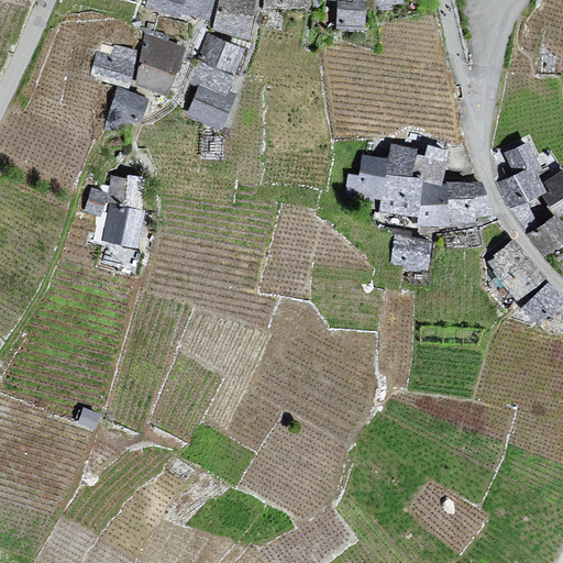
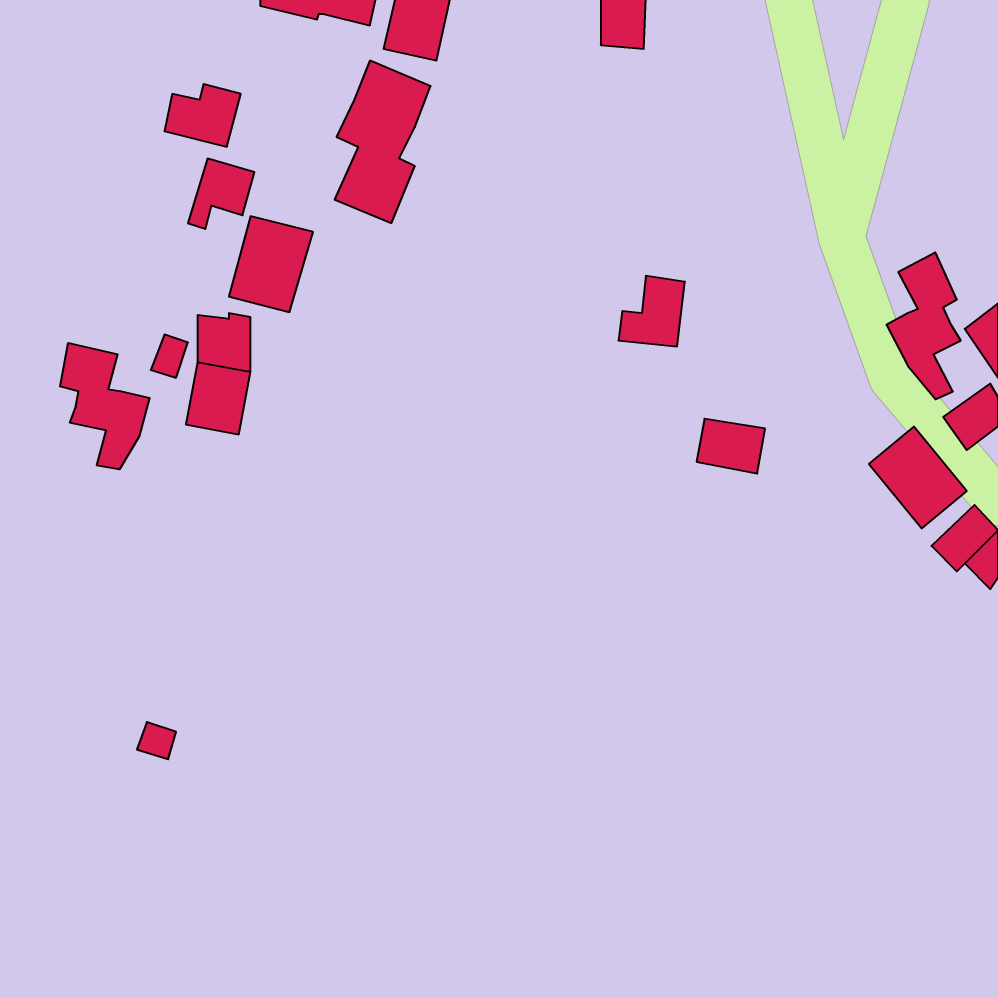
building: [135,37,183,91] -> [229,216,313,312]
building: [382,145,492,223] -> none
building: none -> [60,343,150,469]

